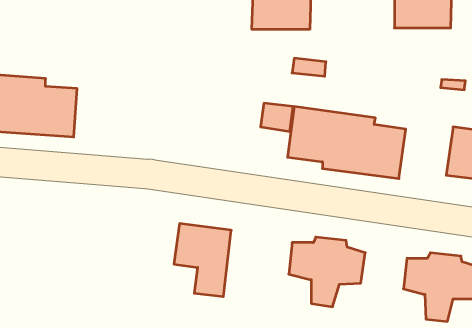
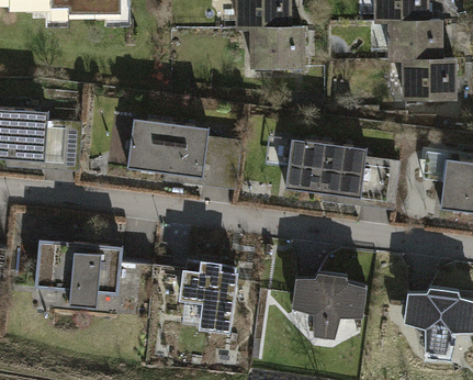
building: none -> [402,63,460,98]
building: none -> [129,121,240,188]
building: none -> [26,234,146,309]

